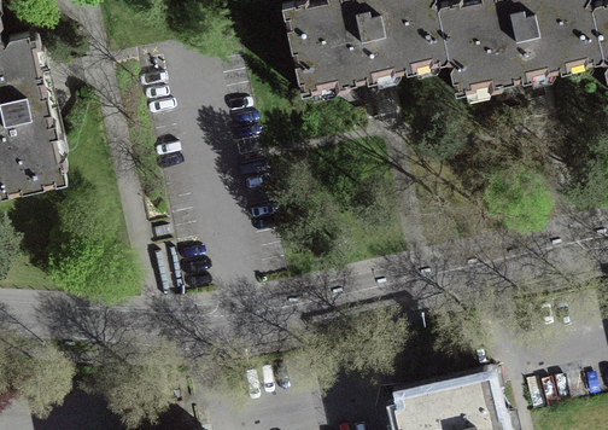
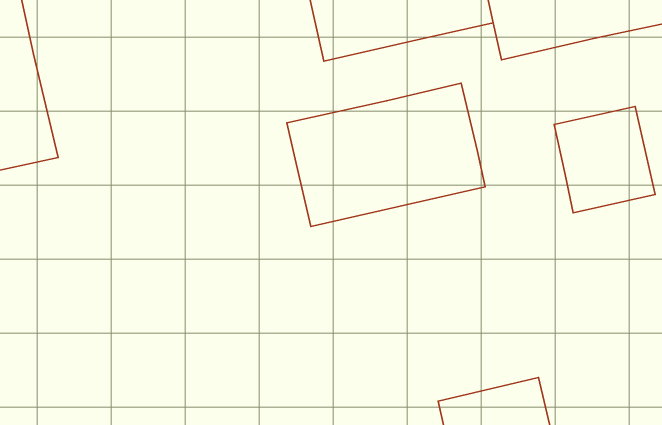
building: none -> [287,83,485,226]
building: none -> [554,107,655,213]

